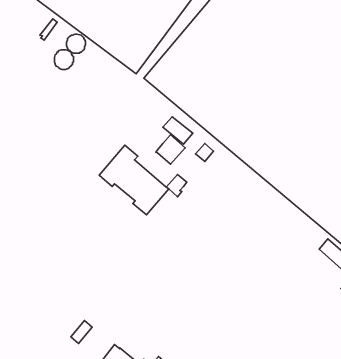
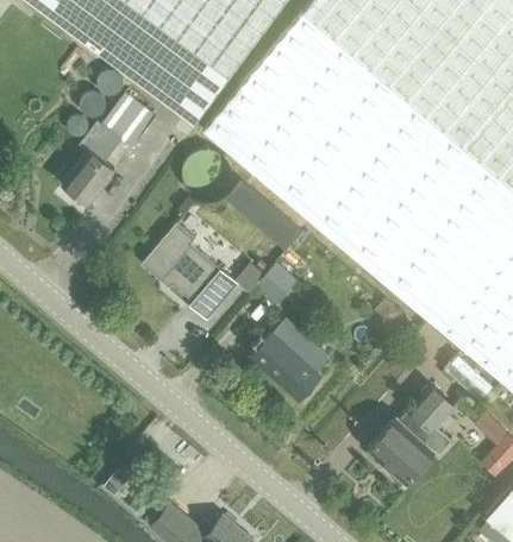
building: none -> [62,93,156,204]
building: [156,135,185,164] -> [254,261,294,302]
building: none -> [251,316,330,398]
building: none -> [368,385,455,483]

